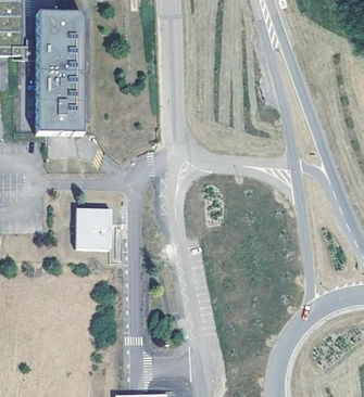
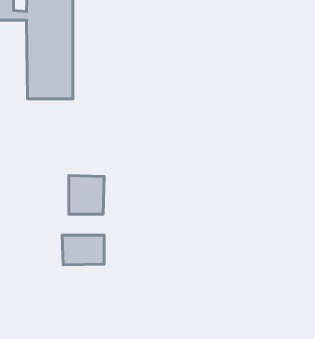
building: none -> [62,235,104,265]

